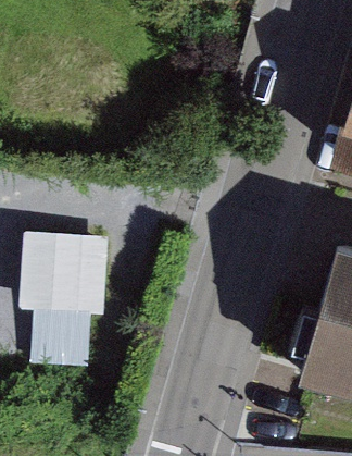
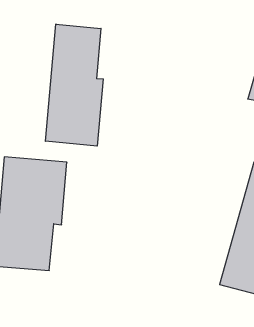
building: none -> [45,24,103,146]

